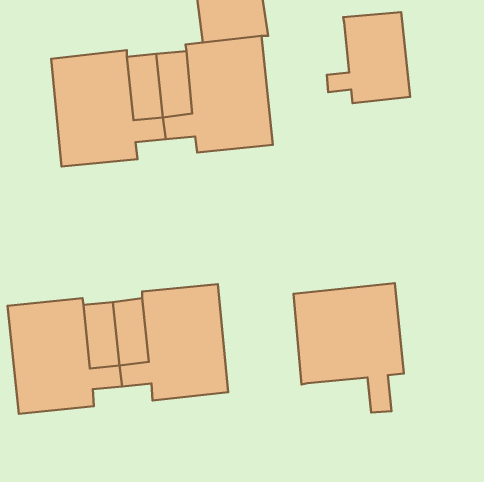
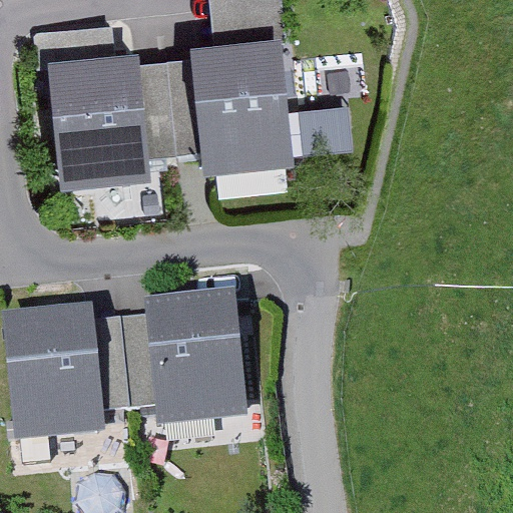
building: [327,12,410,103] -> none
building: [293,283,404,412] -> none

